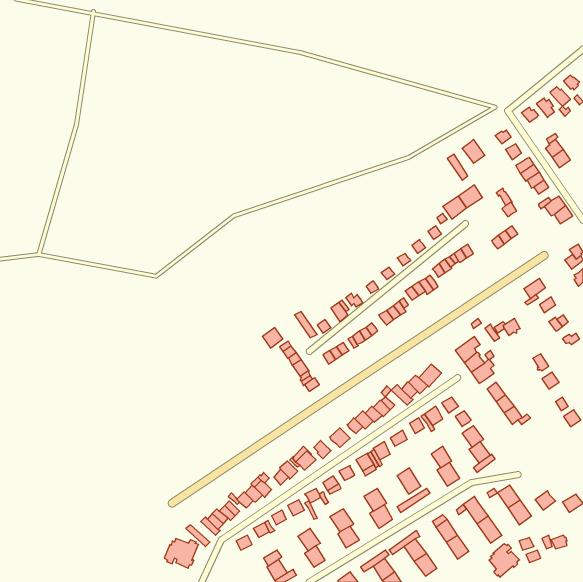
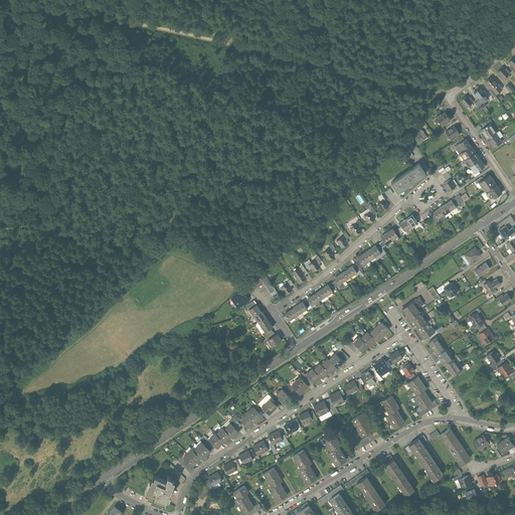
building: [489,544,520,577] -> none

